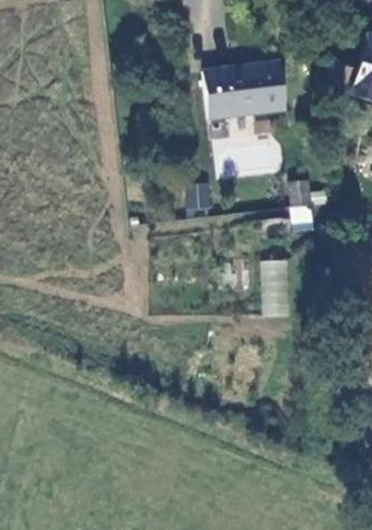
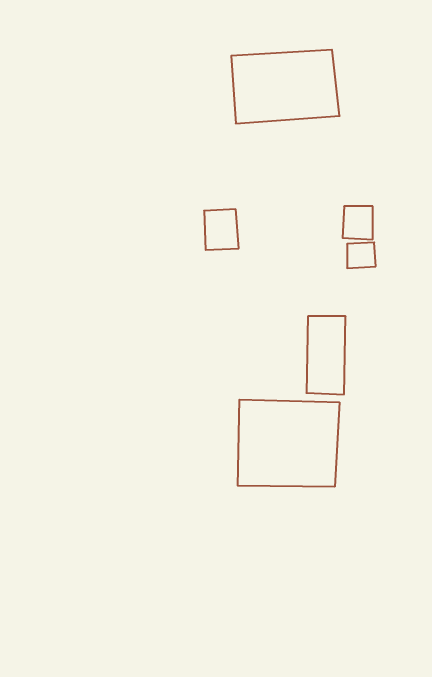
building: none -> [238,400,339,487]

